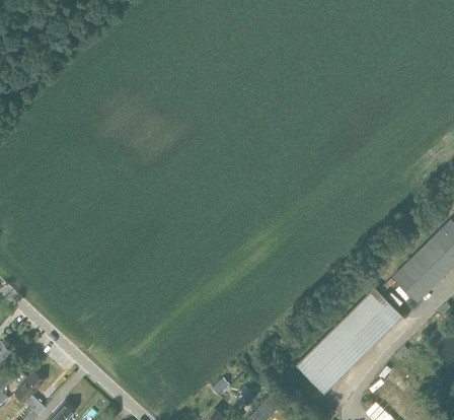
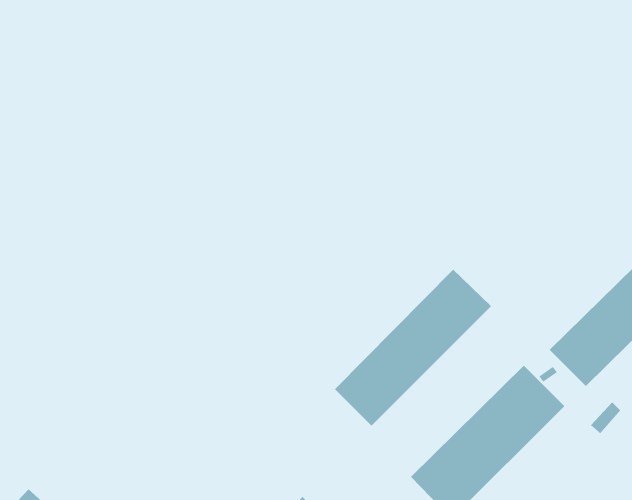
building: none -> [334,269,492,427]

